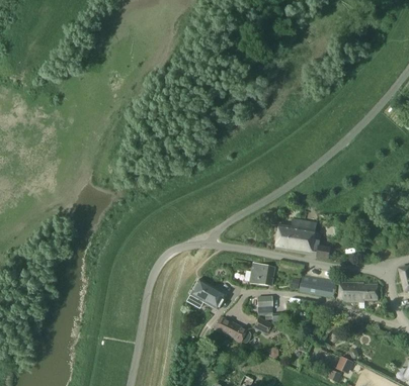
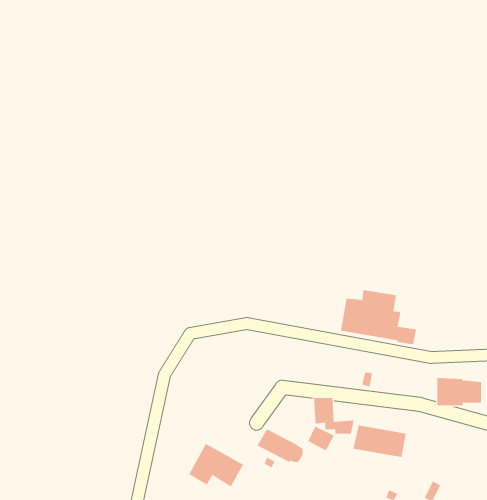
building: [244,263,274,286] -> none
building: [299,275,337,298] -> [353,425,406,457]
building: [186,279,226,310] -> [189,443,244,487]

